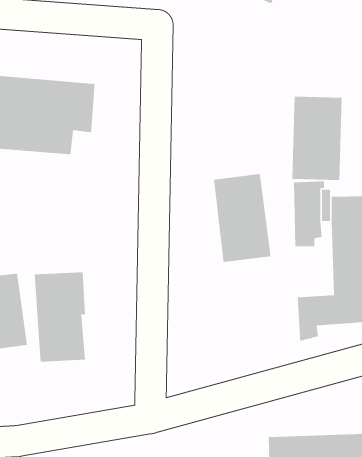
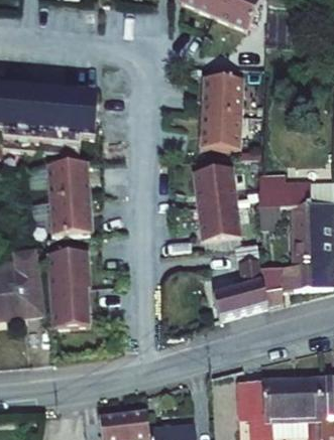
building: [292,96,342,181] -> [200,75,242,145]
building: none -> [44,156,90,229]
building: none -> [210,242,265,316]

